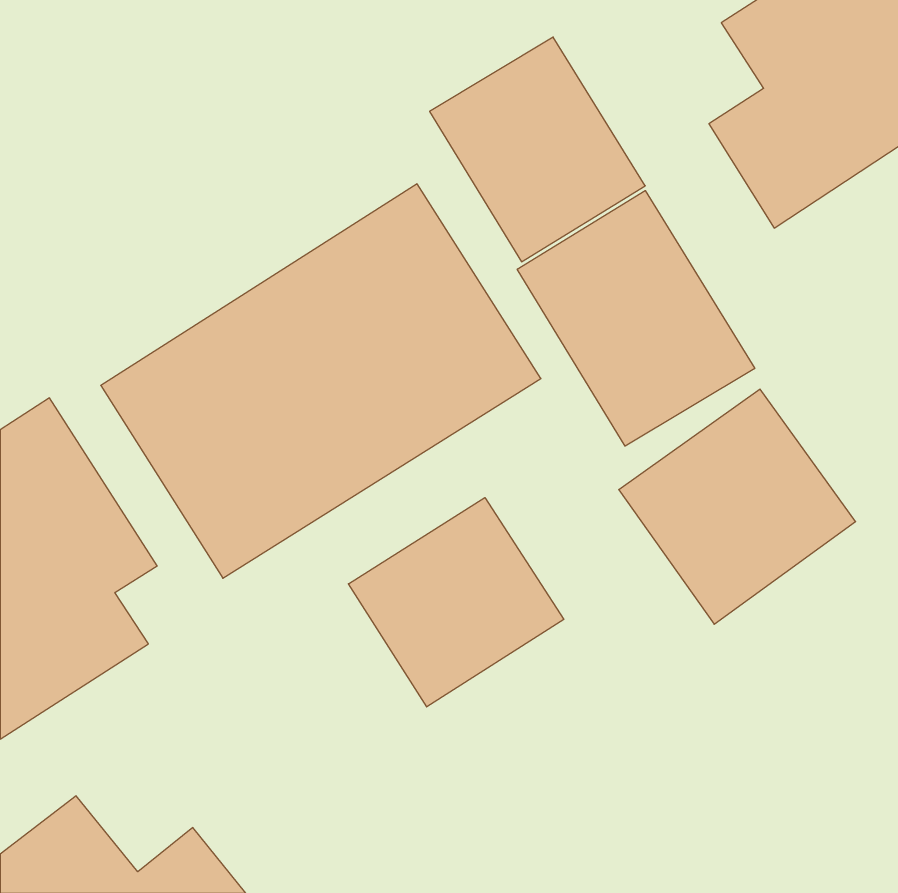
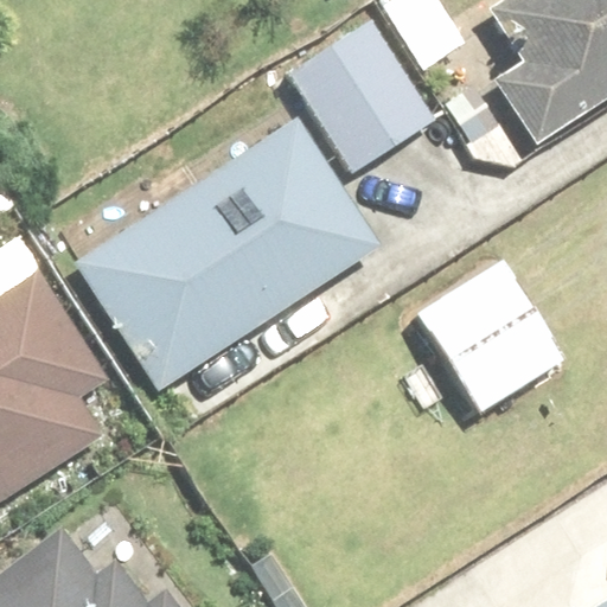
building: [517,191,755,446] -> none
building: [348,498,564,707] -> none

